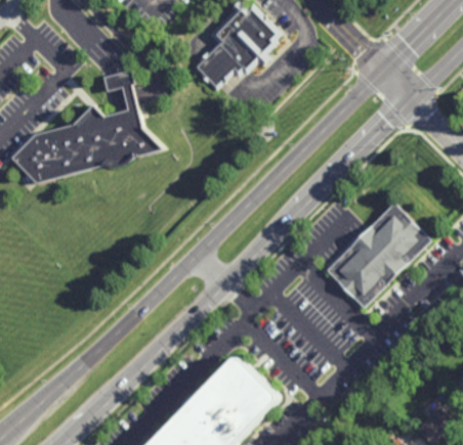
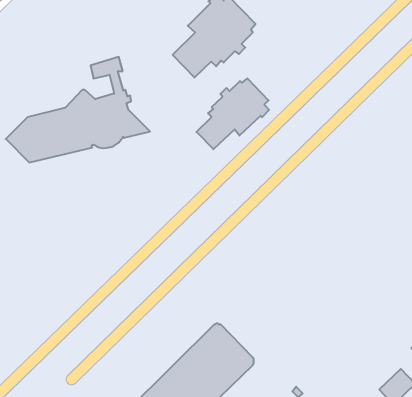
building: none -> [196,78,269,149]
building: [325,203,432,309] -> none

